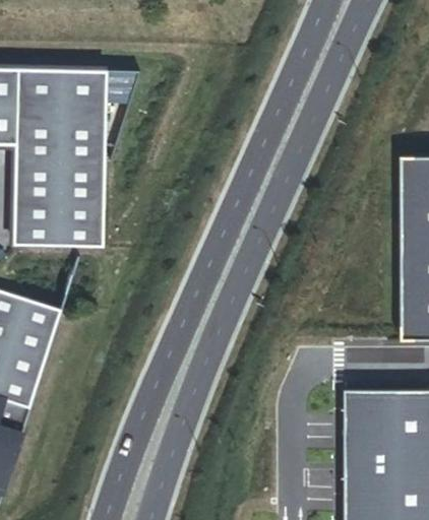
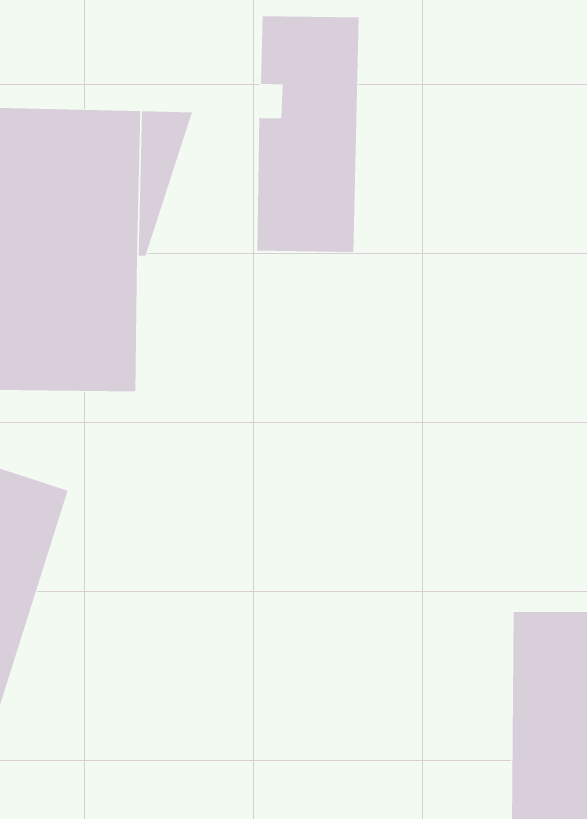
building: none -> [257,15,359,253]

